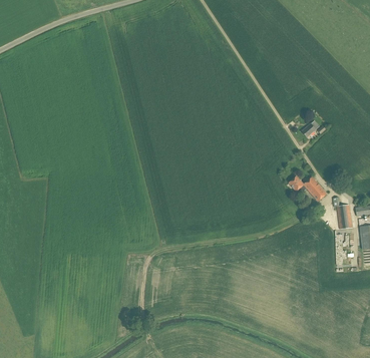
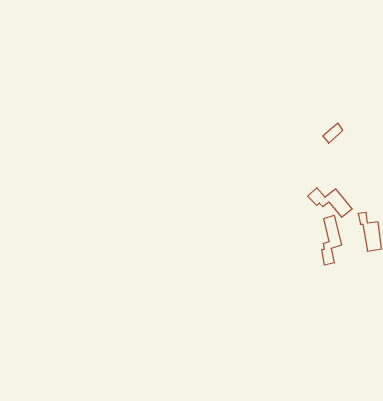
building: none -> [322,215,341,265]

